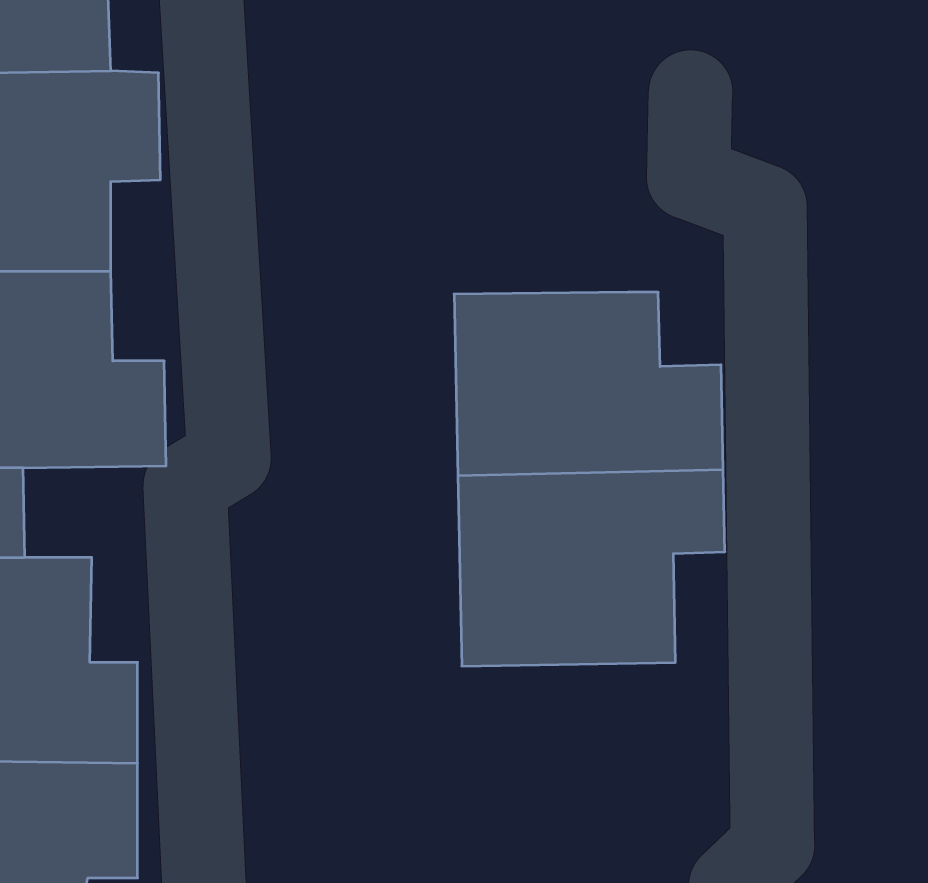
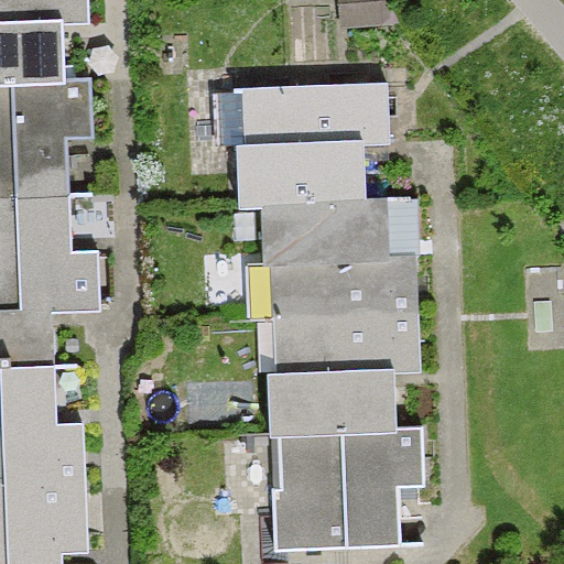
building: none -> [214,84,386,214]
building: none -> [270,425,426,547]

